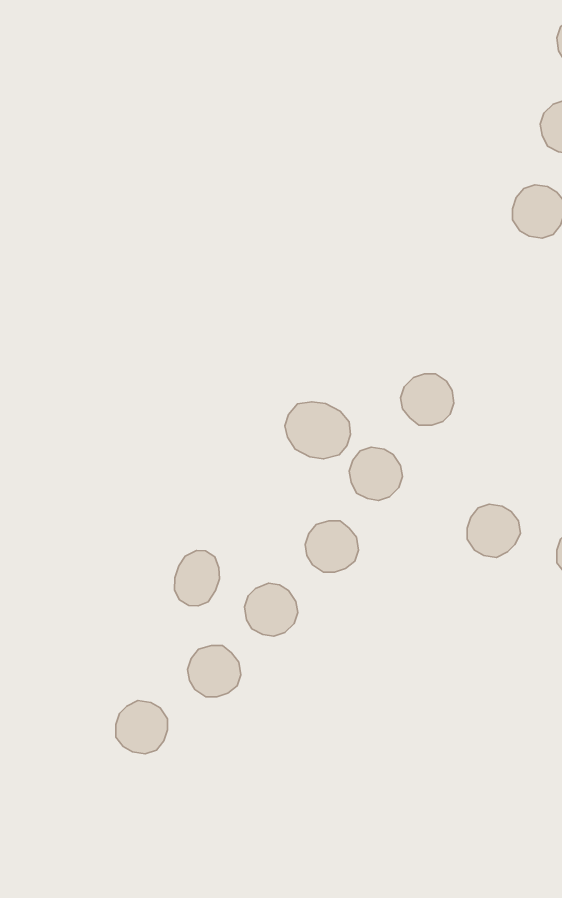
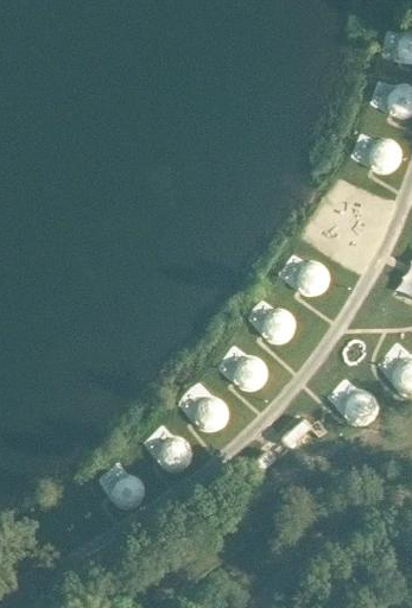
building: [285,402,351,459] -> none
building: [467,504,520,557] -> [338,390,373,424]
building: [174,551,219,606] -> none

